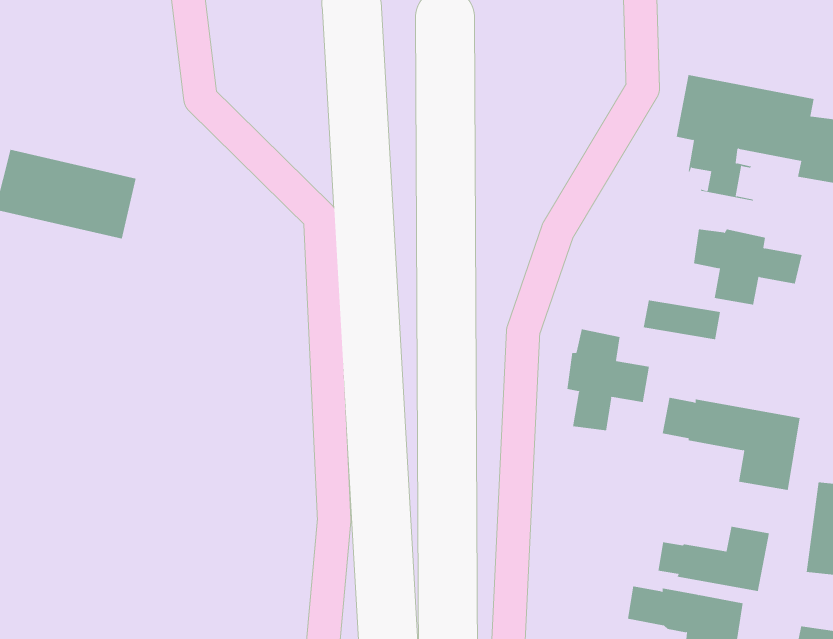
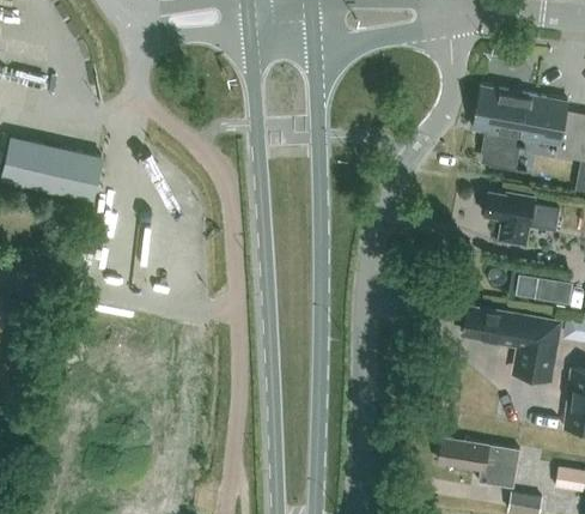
building: [643,300,721,340] -> [516,274,569,302]
building: [567,329,650,431] -> none
building: [658,526,770,592] -> none

